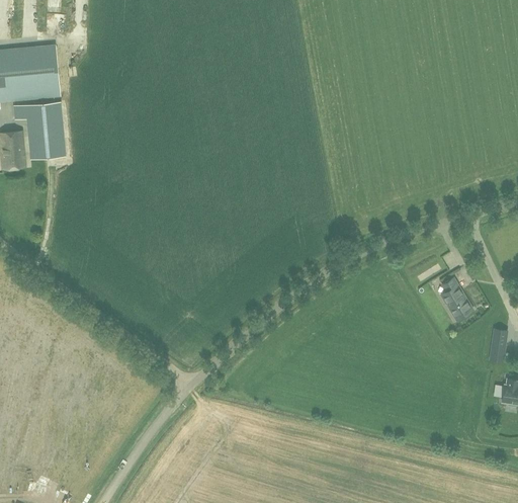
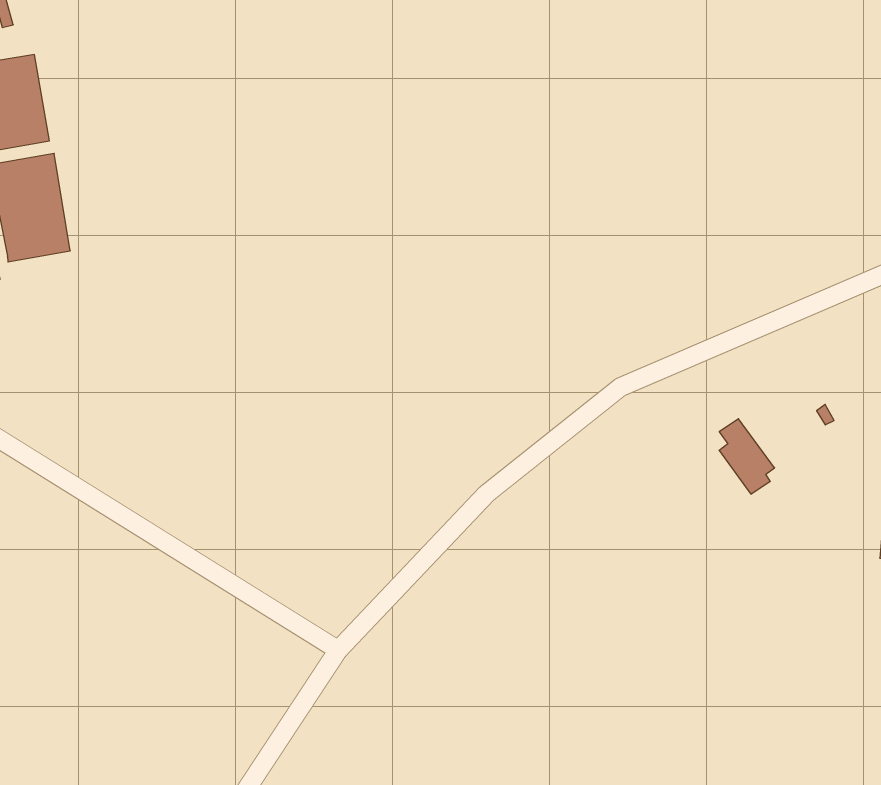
building: [441,277,470,319] -> [719,419,775,494]

